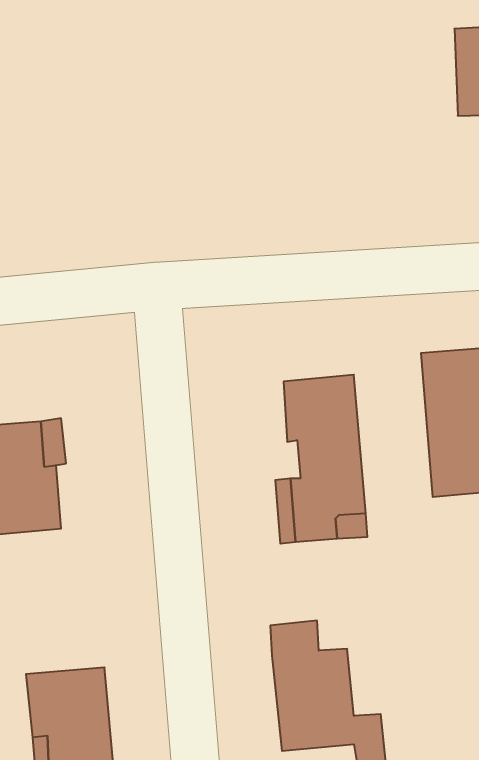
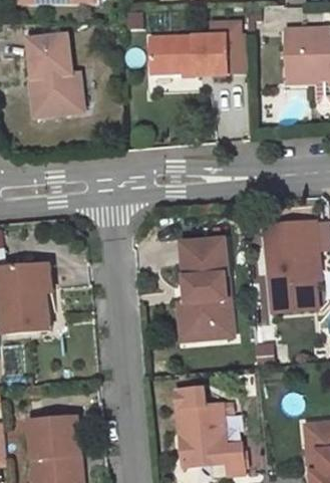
building: none -> [149,23,241,75]
building: none -> [27,35,74,117]

